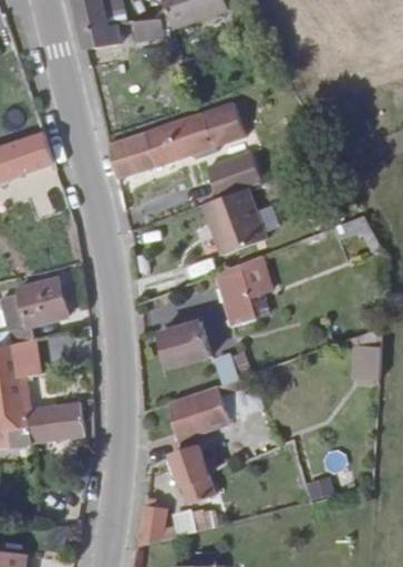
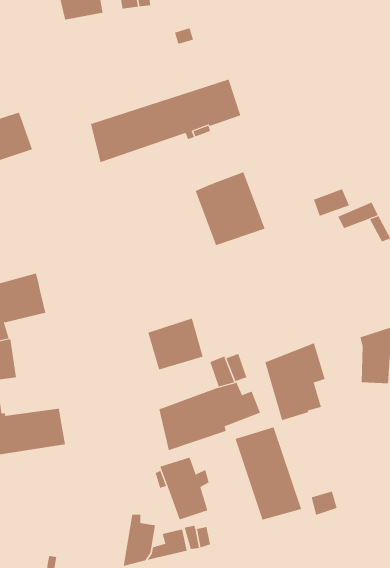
building: [206,151,260,198] -> none
building: [215,256,270,327] -> [265,343,326,421]
building: none -> [235,426,302,521]

